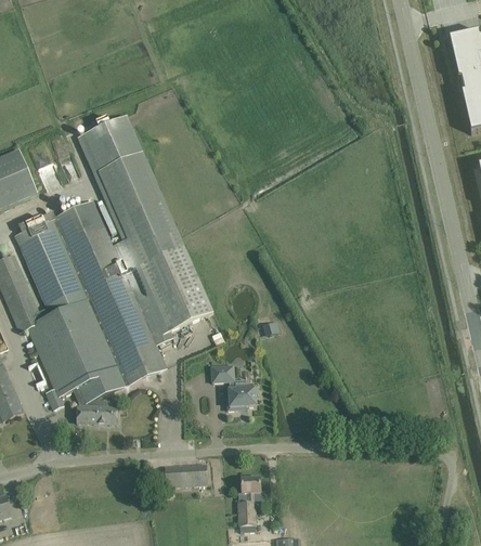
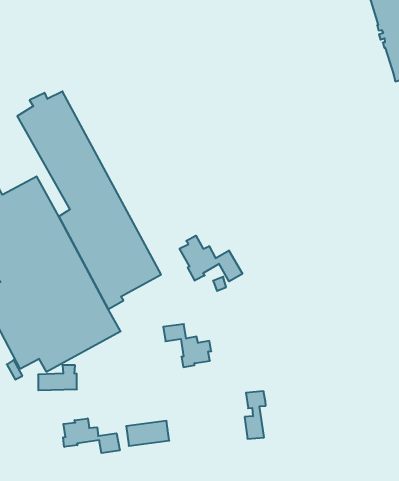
building: none -> [180,236,242,281]
building: none -> [63,418,120,453]
building: [237,476,260,523] -> [245,391,266,439]

